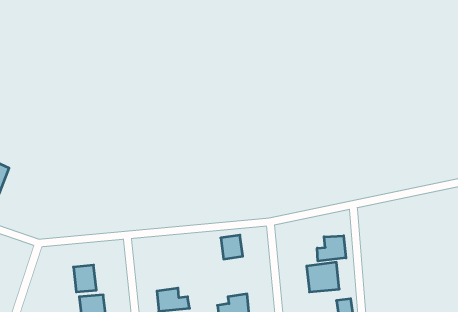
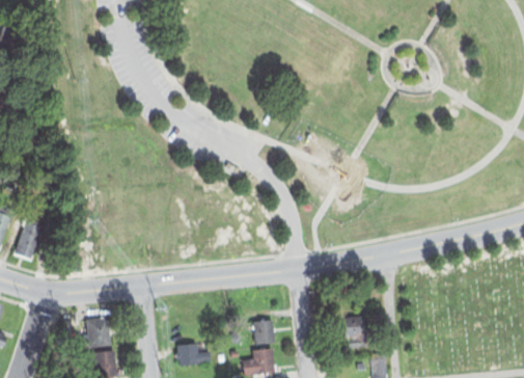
building: none -> [15,214,48,260]
building: [221,235,243,259] -> [251,319,275,345]
building: [317,236,346,261] -> none

